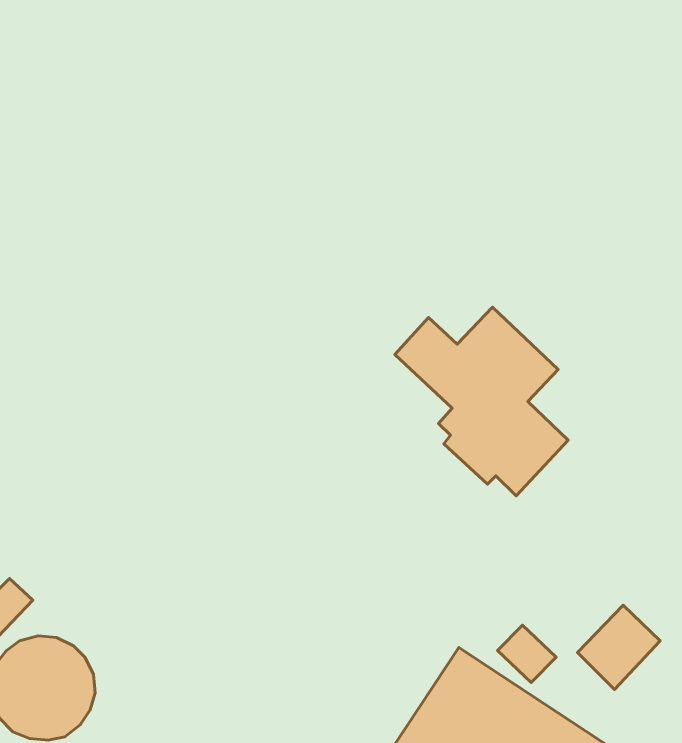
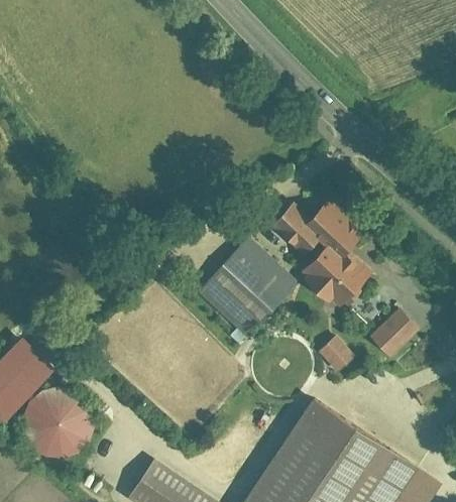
building: none -> [200,239,302,341]
building: [578,605,660,690] -> [368,309,418,360]
building: [497,625,556,682] -> [322,335,357,369]

